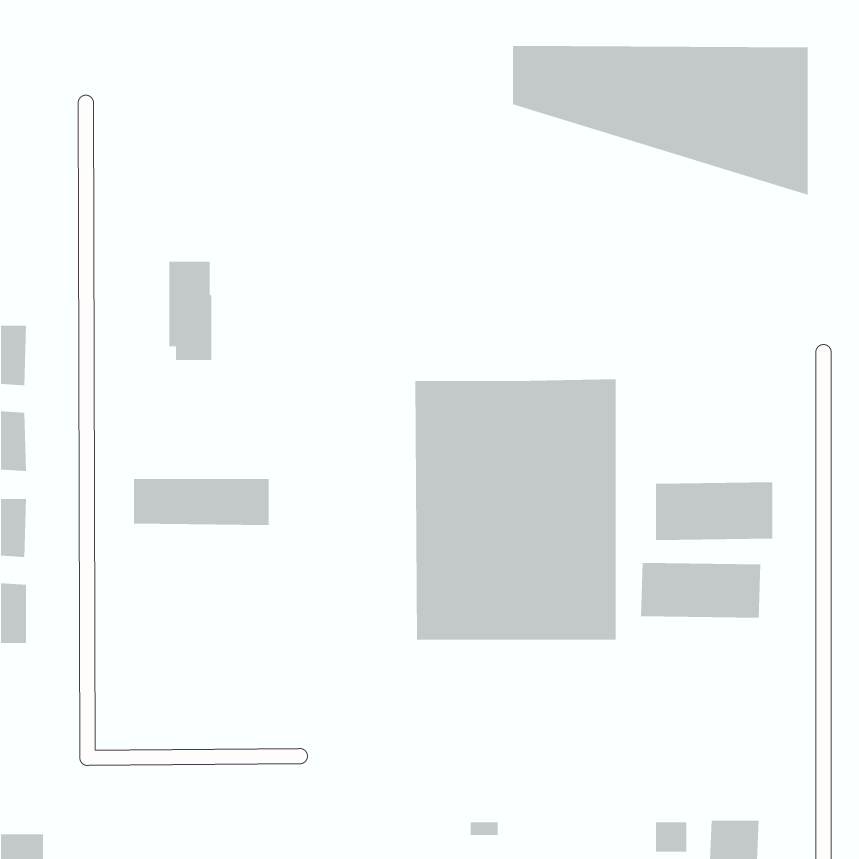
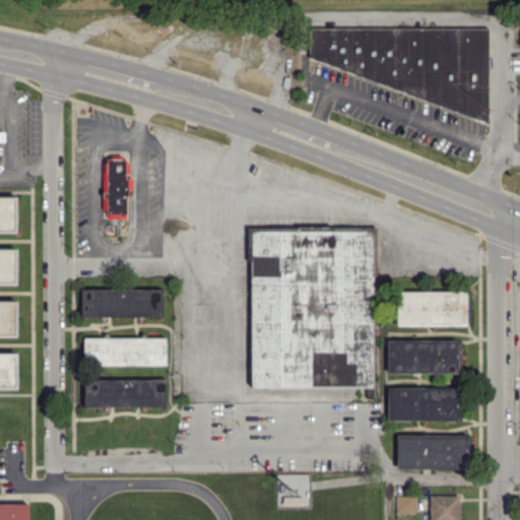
building: none -> [83,337,166,366]
building: none -> [83,379,166,408]
building: none -> [387,387,460,421]
building: none -> [397,435,467,470]

